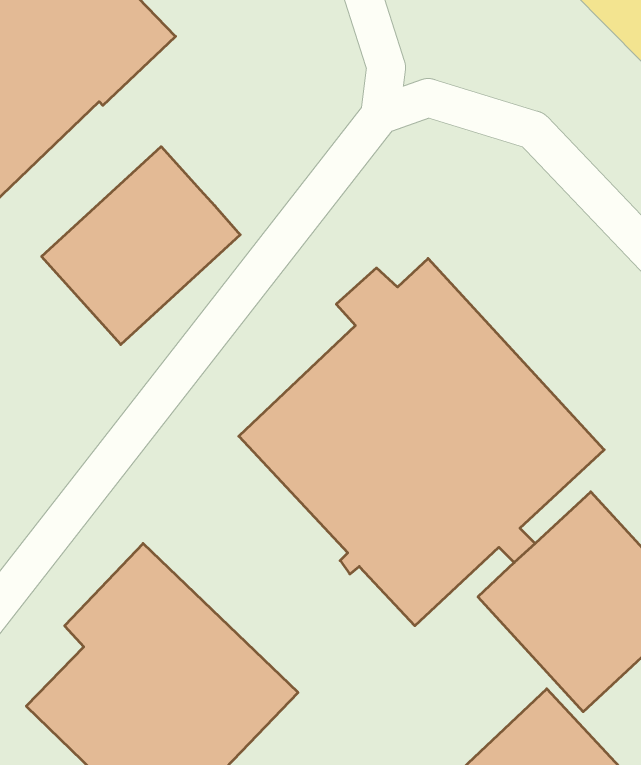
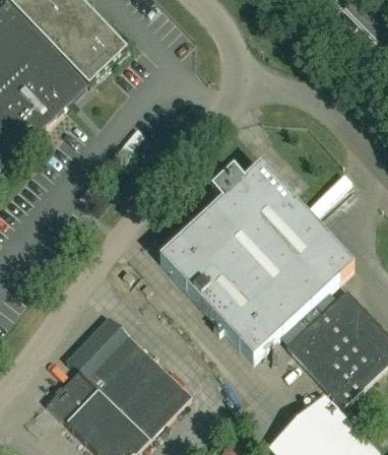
building: [42,147,240,345] -> none

